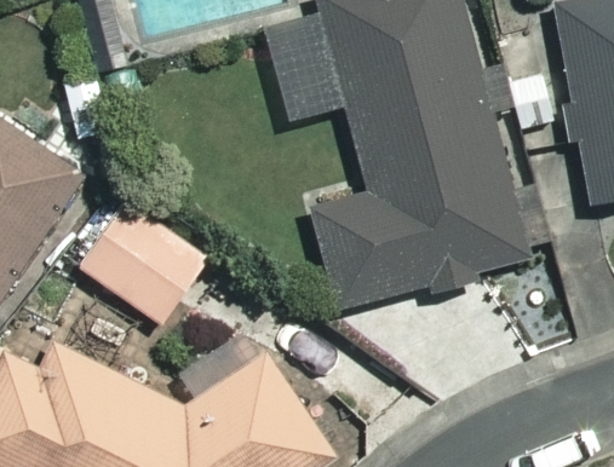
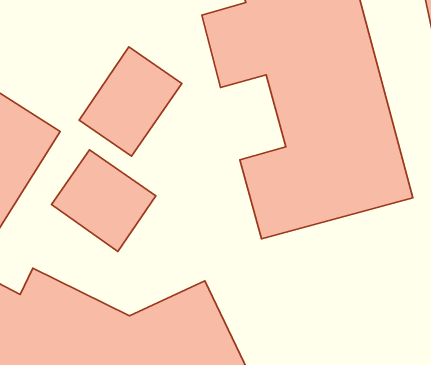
building: none -> [79,47,182,156]

